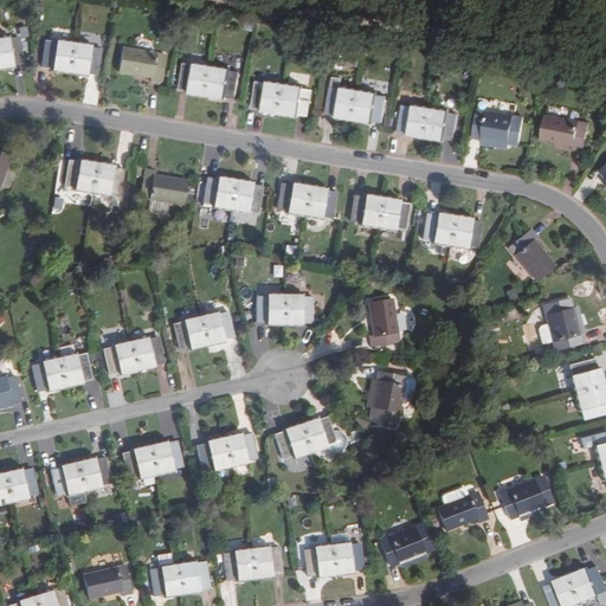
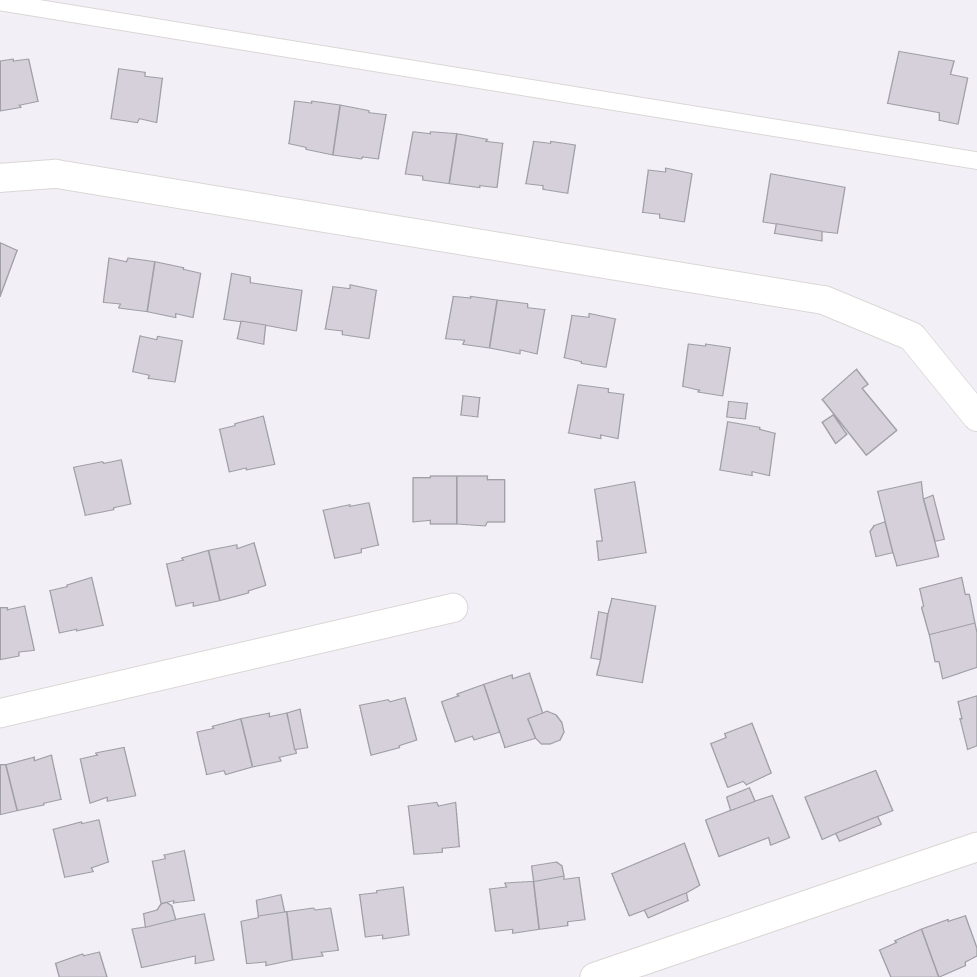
building: [40,40,73,73] -> none
building: [117,49,166,83] -> none
building: [352,90,386,123] -> none
building: [540,107,589,152] -> [887,51,968,124]
building: [424,108,457,141] -> none
building: [228,180,263,213] -> none
building: [375,198,410,231] -> [568,385,624,439]
building: none -> [133,336,182,382]
building: [447,215,482,249] -> [720,422,775,475]
building: [173,316,207,350] -> [219,416,275,472]
building: [57,353,92,387] -> [74,460,131,515]
building: [196,437,230,471] -> none
building: none -> [711,723,771,787]
building: [77,457,111,492] -> [53,820,109,877]
building: none -> [152,850,194,904]
building: [250,547,282,579] -> [408,802,460,854]

